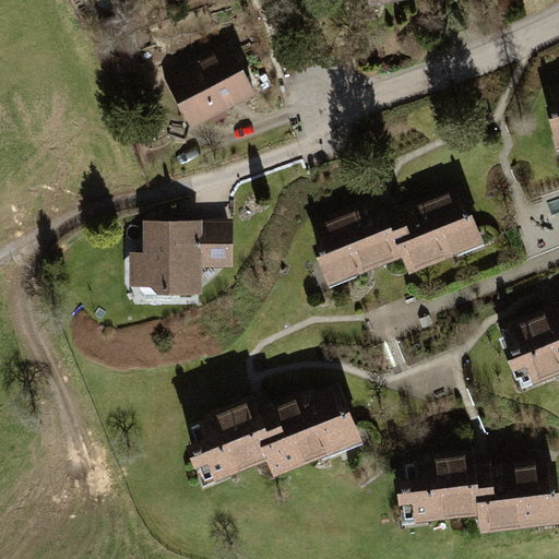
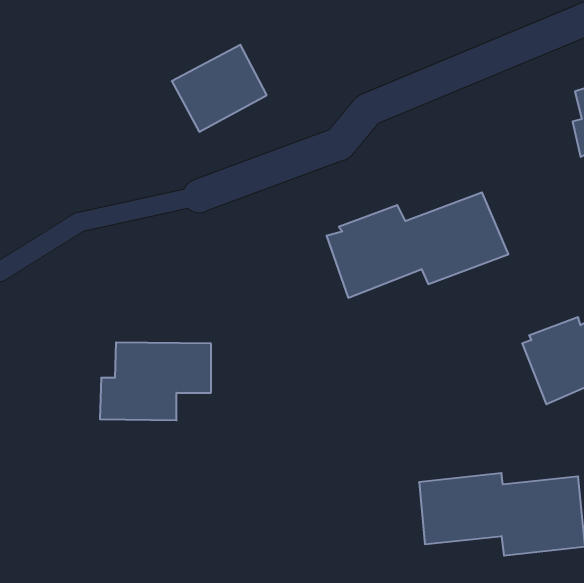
building: [130,219,236,294] -> [100,342,211,420]
building: [187,388,364,480] -> none

